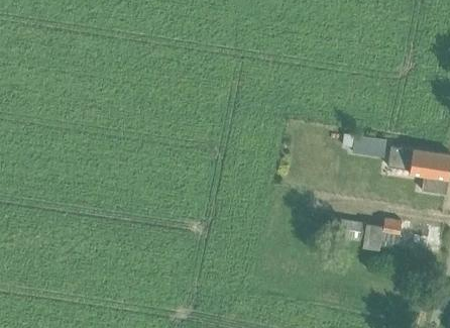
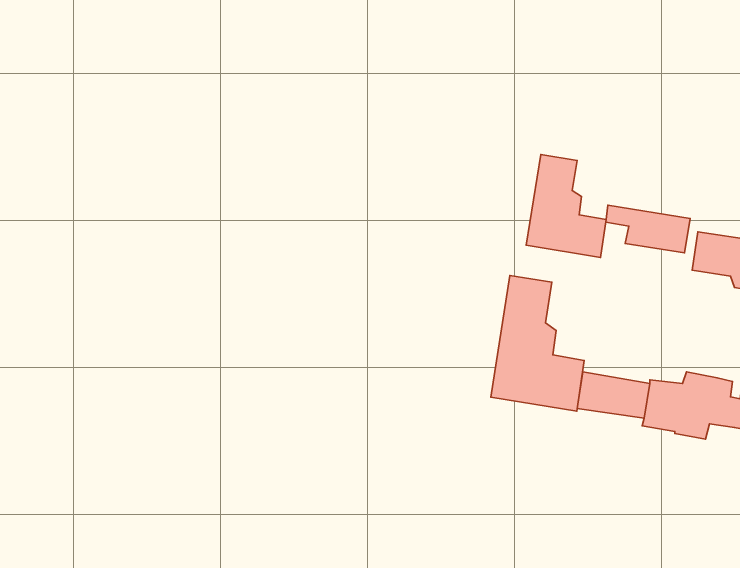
building: none -> [526,154,606,258]
building: none -> [491,276,584,411]

